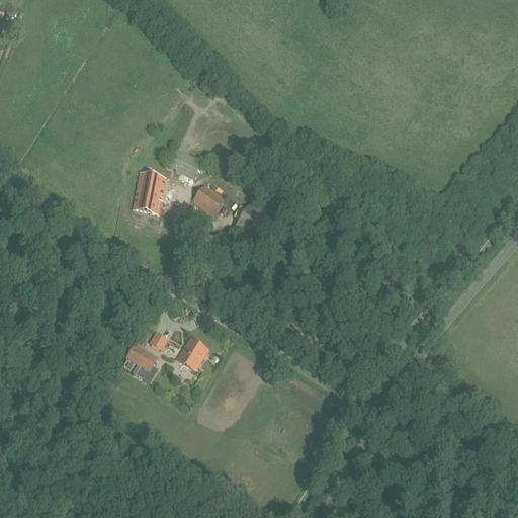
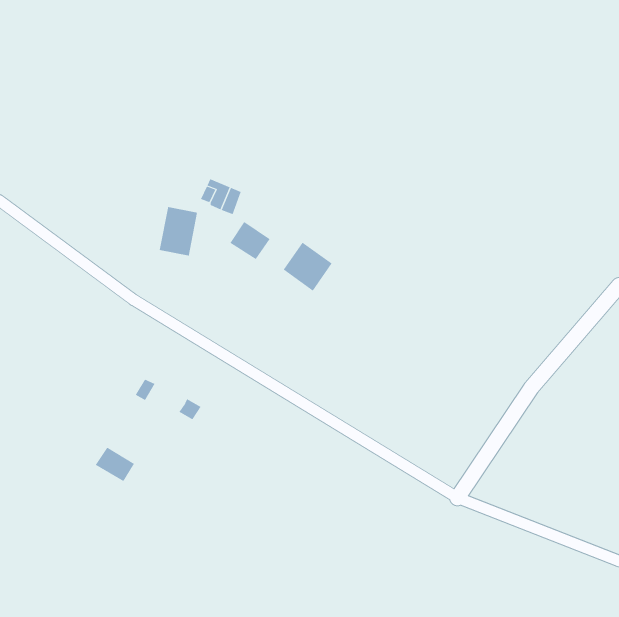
building: [177,338,207,370] -> none
building: [124,343,158,372] -> [95,447,135,482]

